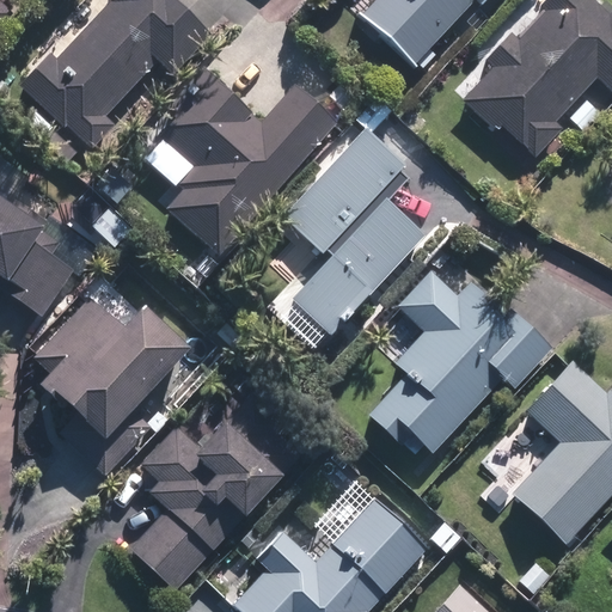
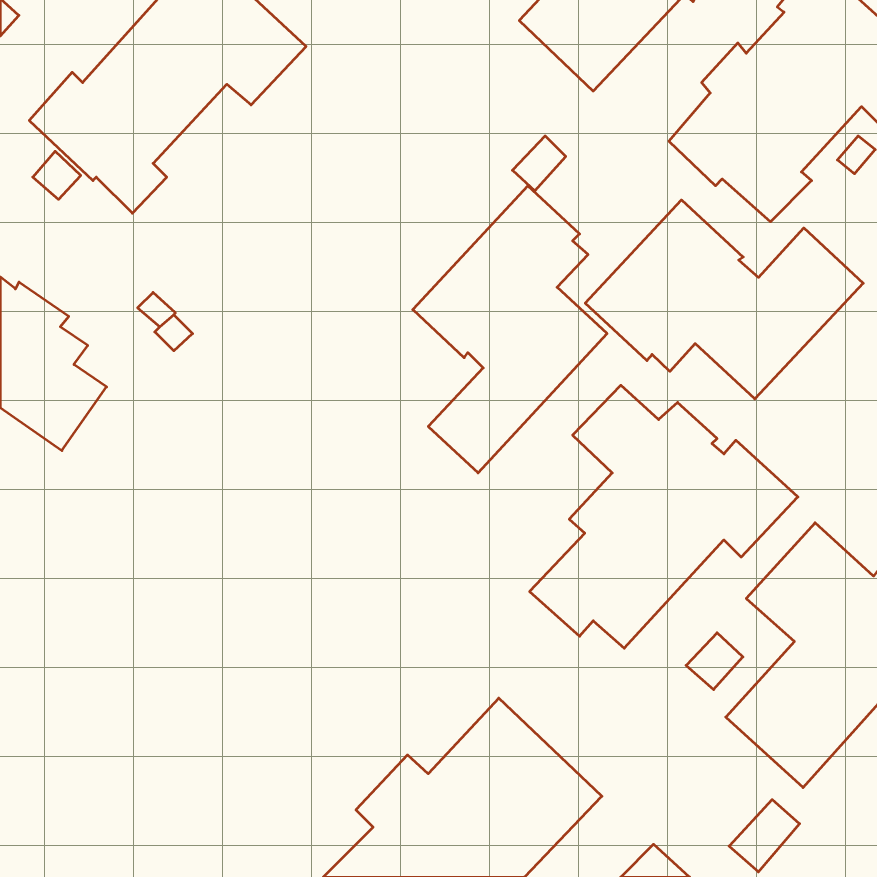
building: [161,65,338,255] -> none
building: none -> [585,200,863,399]
building: [30,307,180,482] -> none
building: [124,424,286,594] -> none

